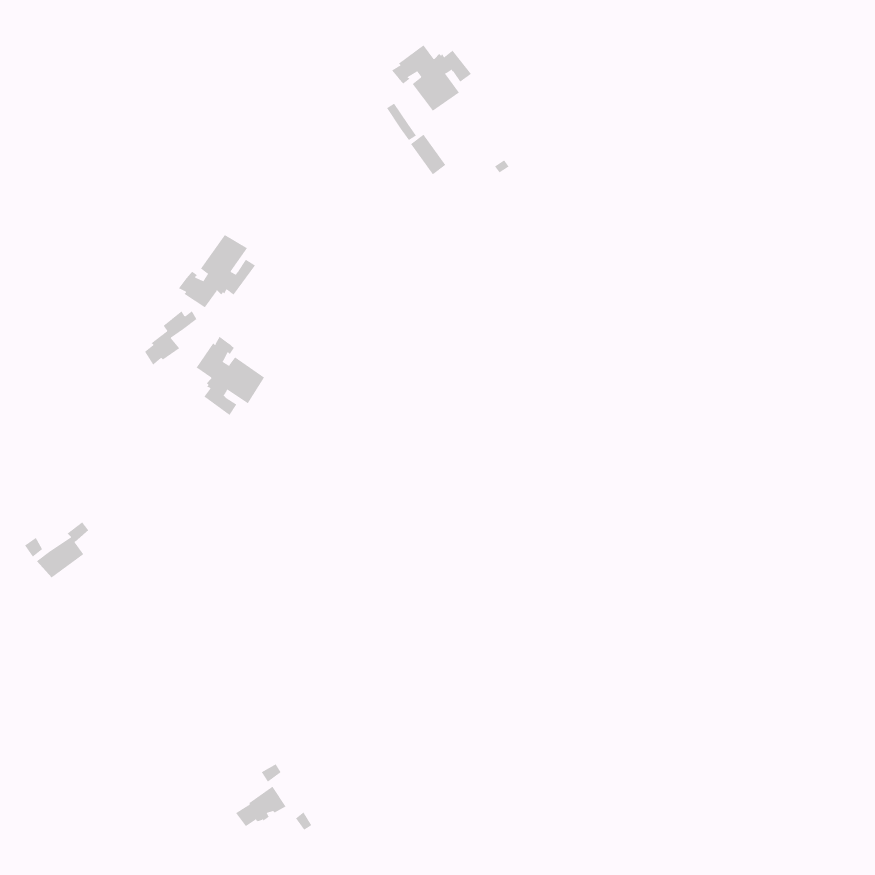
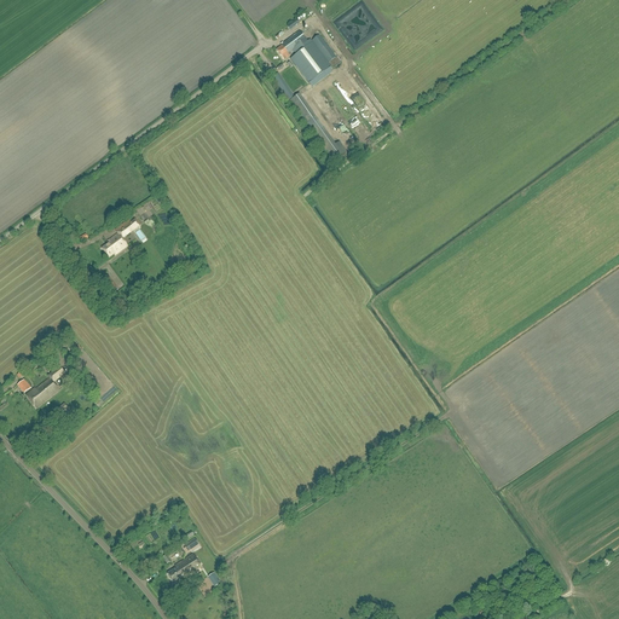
building: [178,234,256,308] -> none
building: [196,336,265,416] -> none

